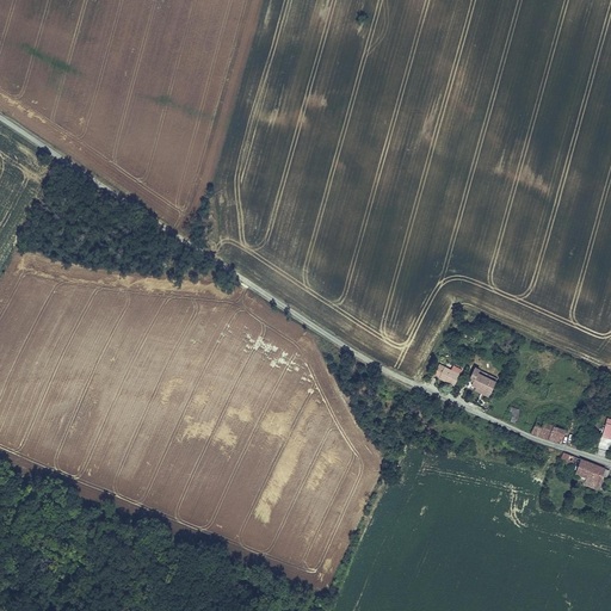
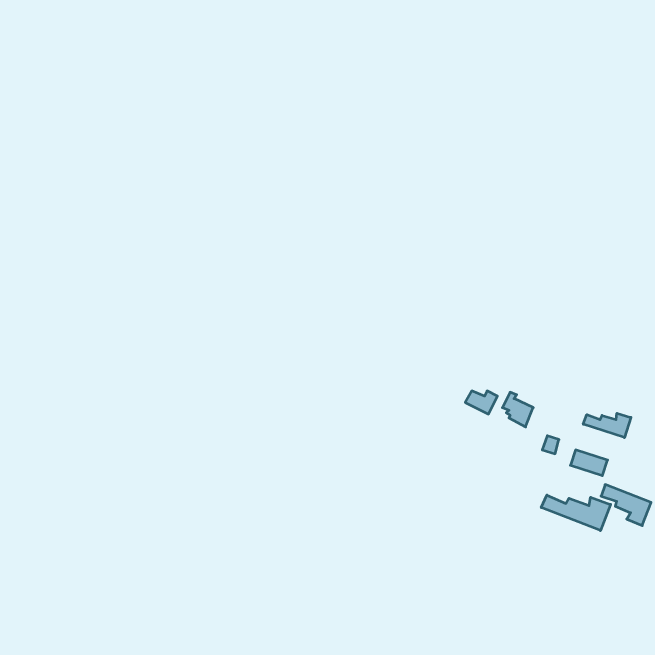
building: none -> [583,413,631,438]
building: none -> [541,495,611,531]

